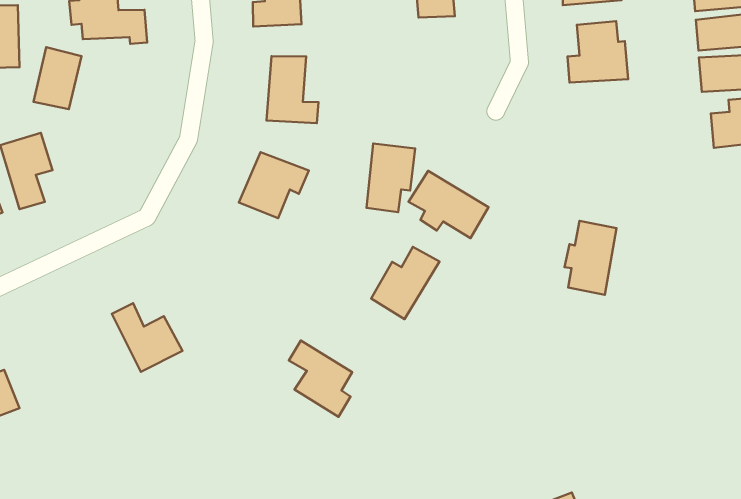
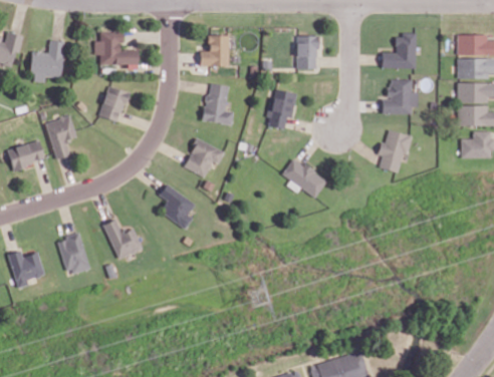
building: [34,47,82,109] -> [98,85,129,122]
building: [367,143,415,212] -> [266,88,297,129]
building: [565,221,617,295] -> [377,129,409,173]
building: [371,247,439,319] -> none
building: none -> [58,234,89,274]
building: [289,340,352,417] -> [159,183,195,230]

